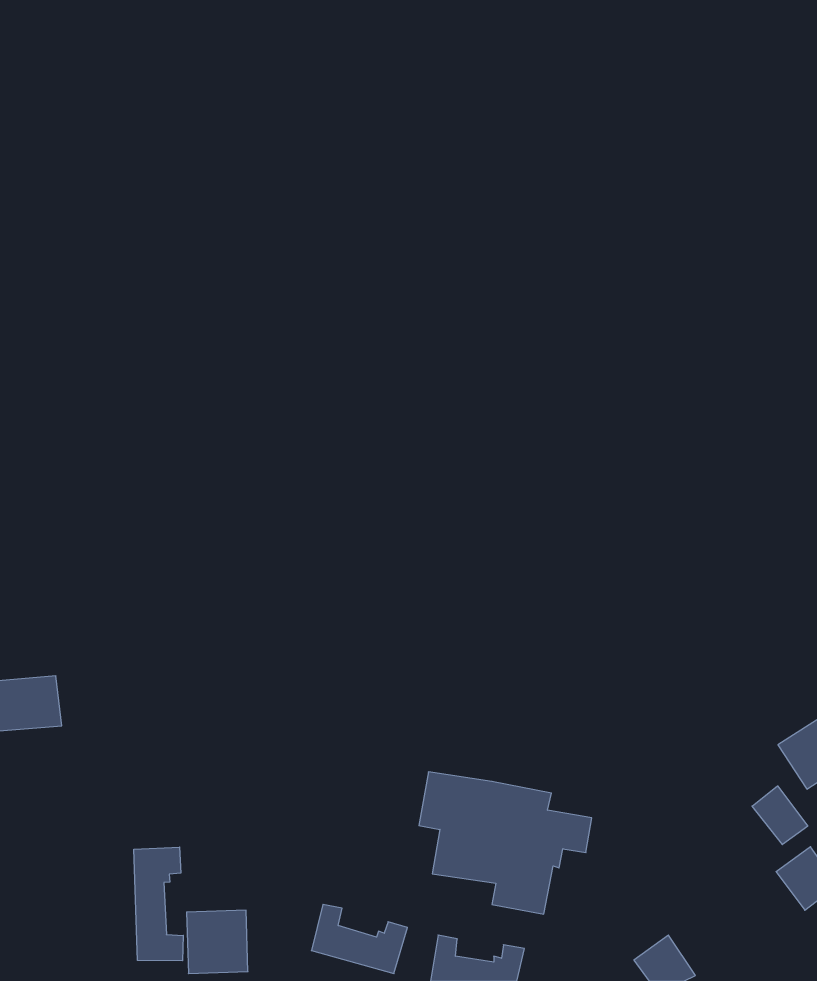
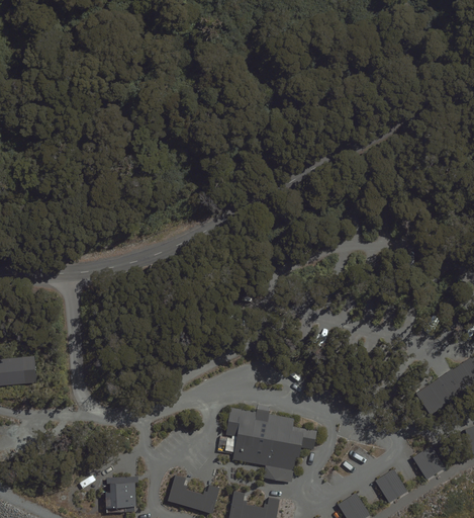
building: [752,786,808,845] -> none
building: [134,847,183,961] -> none
building: none -> [375,469,407,502]

